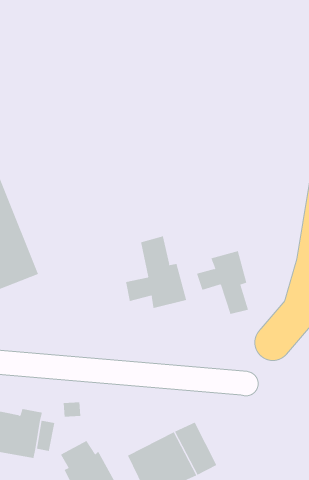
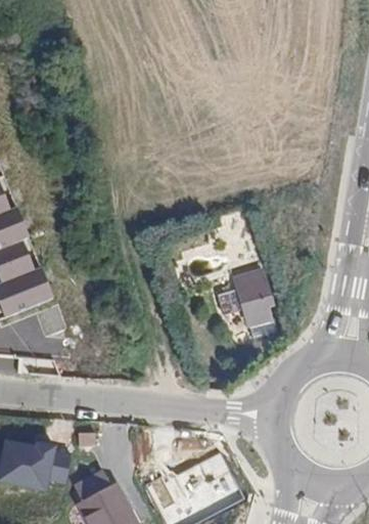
building: [125,235,187,309] -> none

